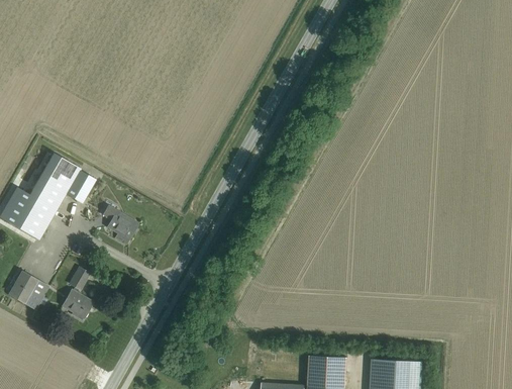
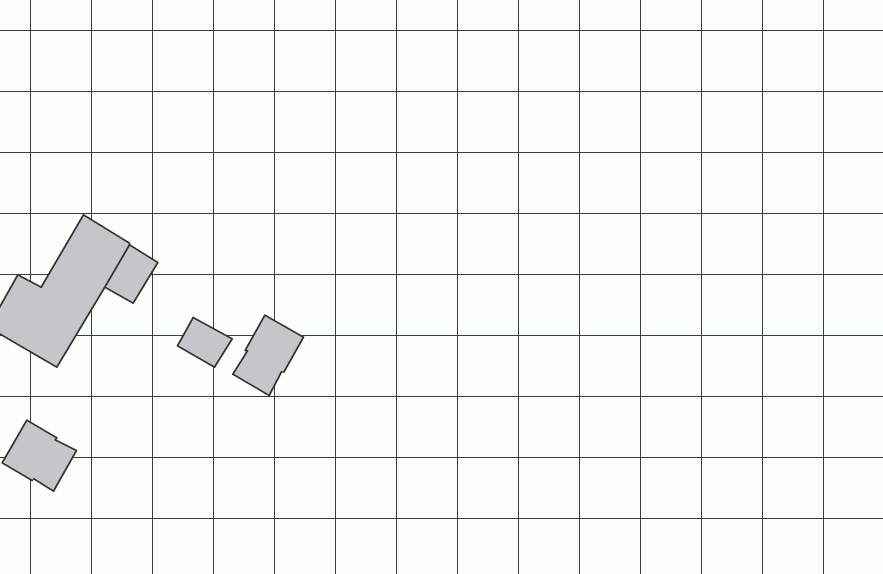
building: none -> [233,315,303,395]
building: [62,267,92,320] -> none

